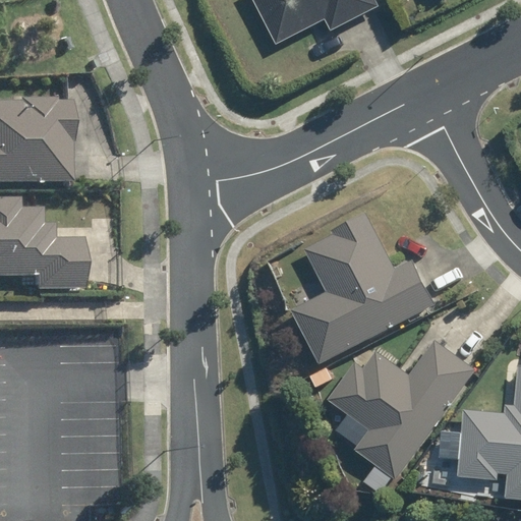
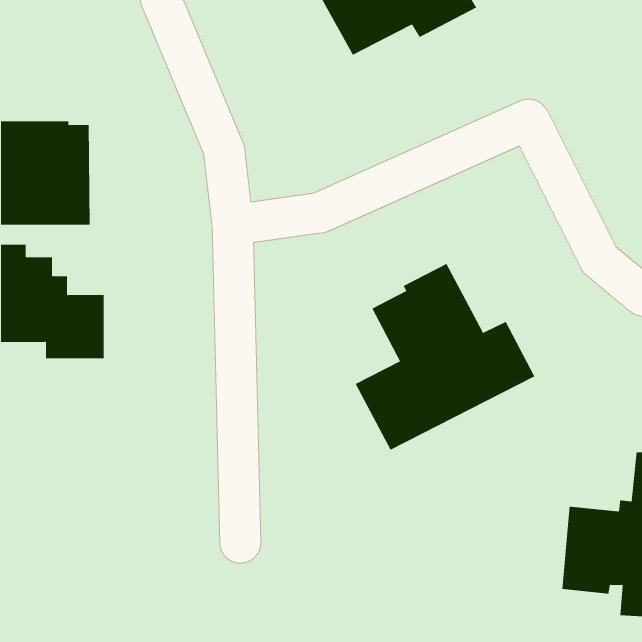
building: [325,340,473,479] -> none

